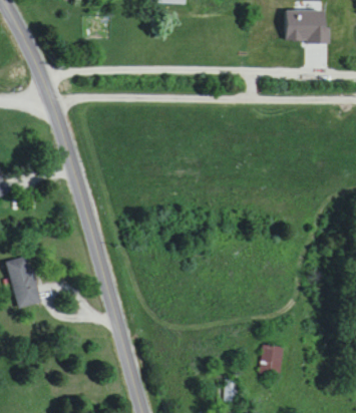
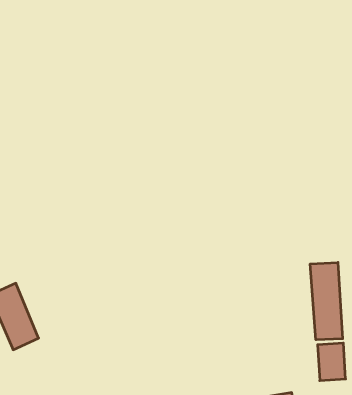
building: none -> [310,262,343,340]

